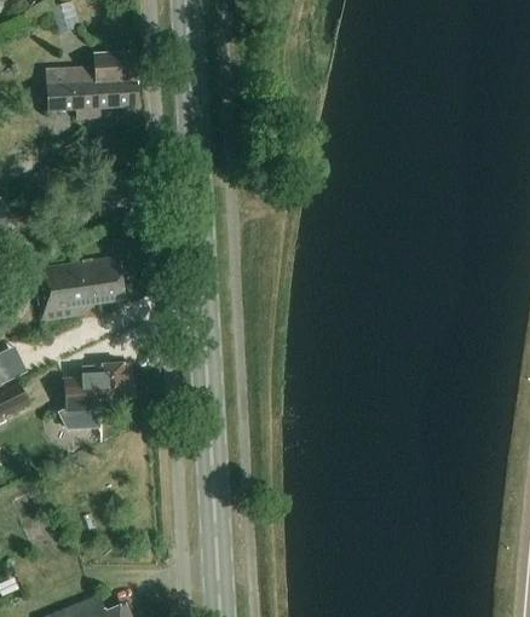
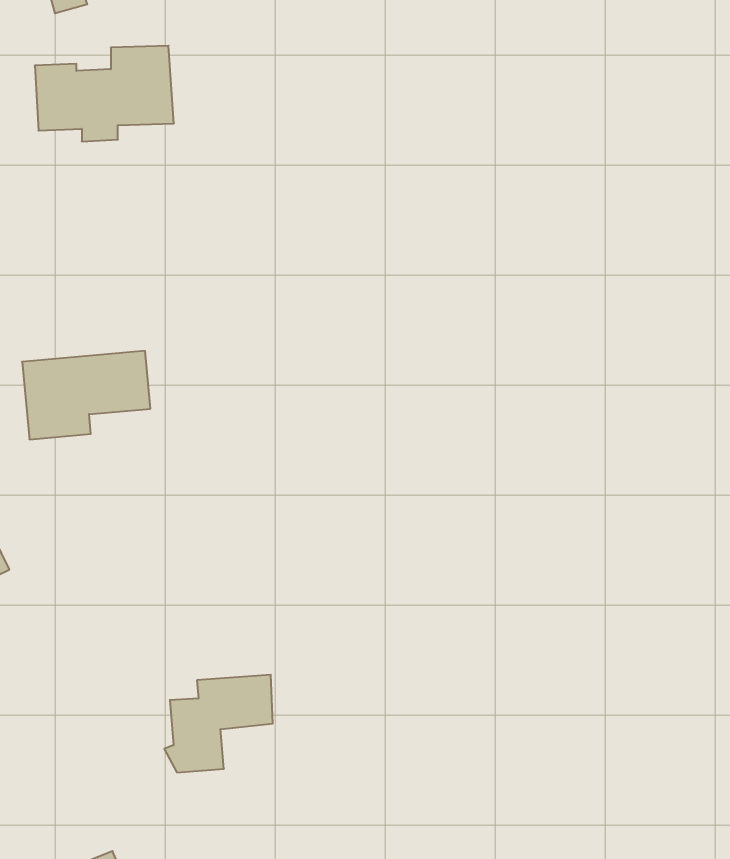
building: [61,363,133,428] -> [164,675,273,772]

